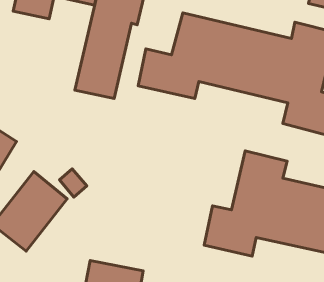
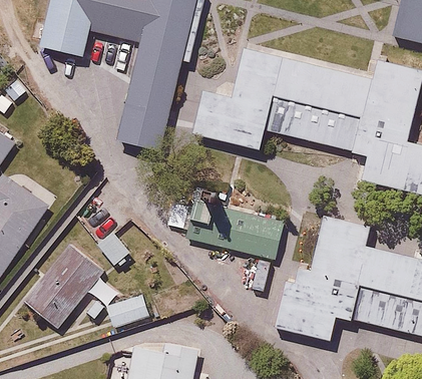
building: none -> [167,186,285,261]
building: none -> [108,296,149,328]

